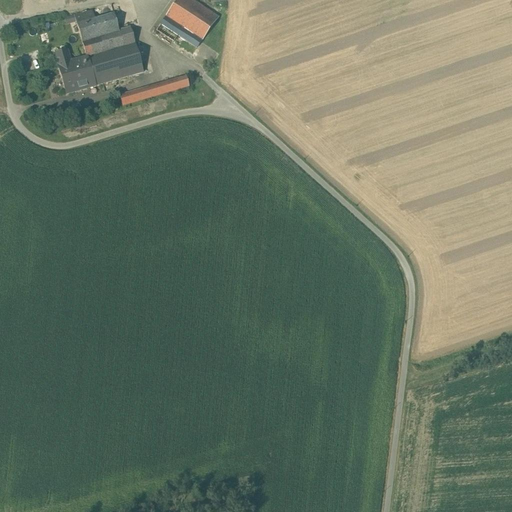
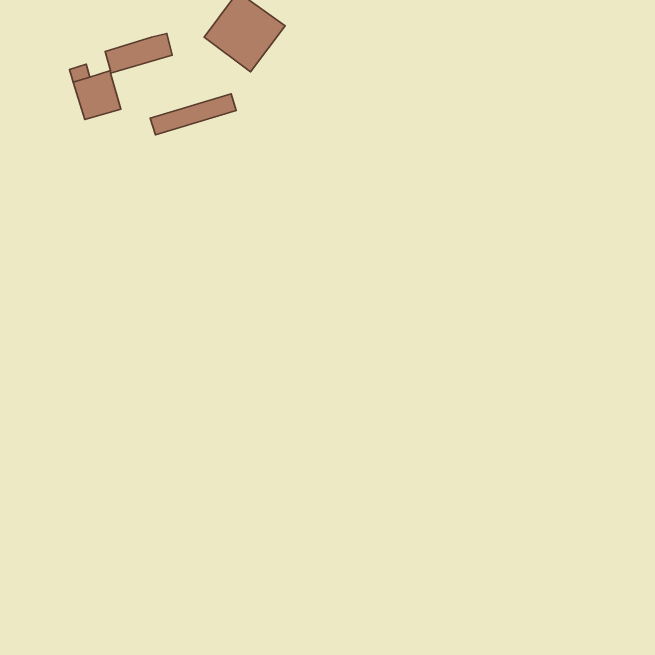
building: [75,4,119,40] -> none
building: [87,43,144,85] -> none

